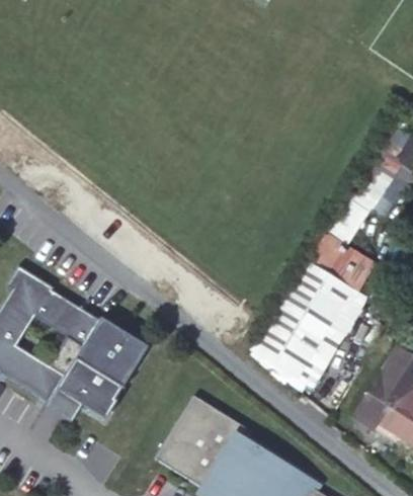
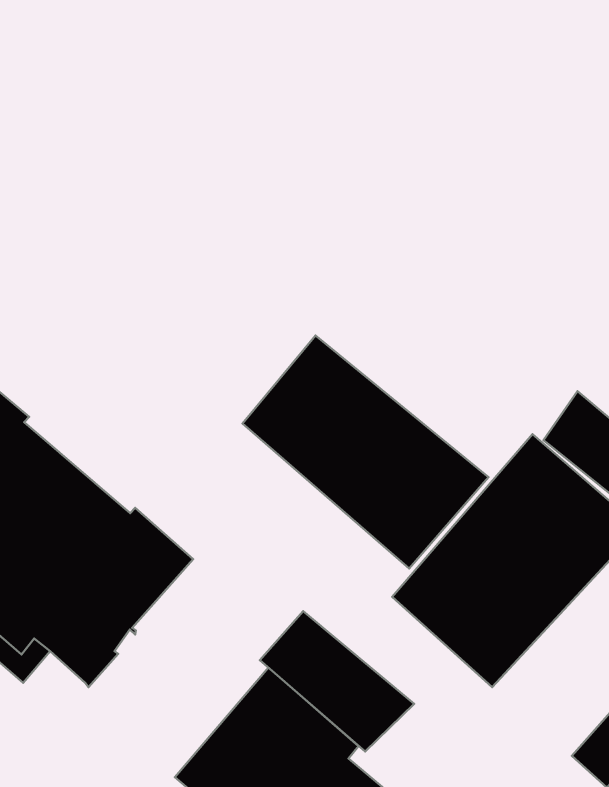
building: none -> [243,335,489,569]
building: none -> [260,611,414,752]

